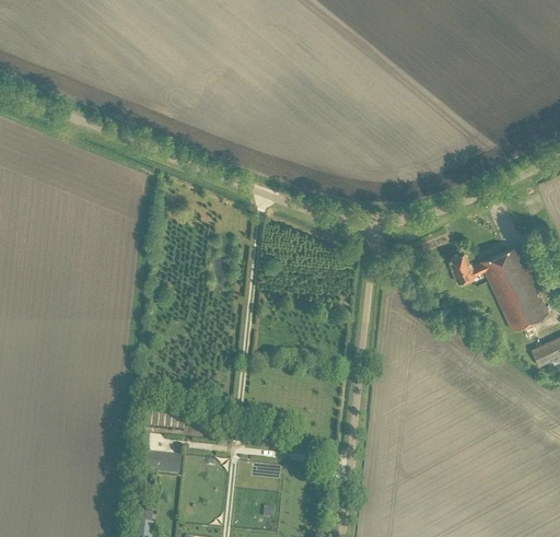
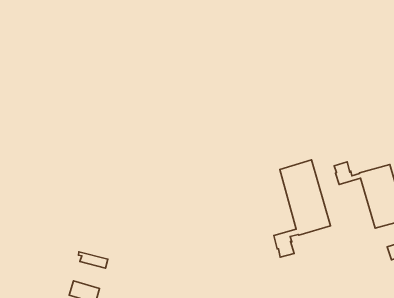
building: none -> [274,160,330,257]

